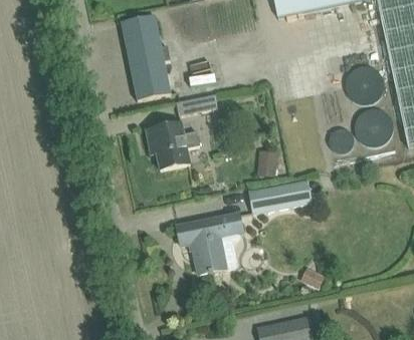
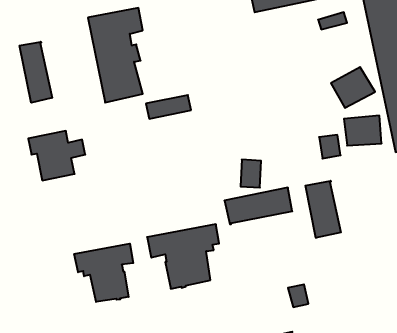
building: none -> [20,42,52,103]
building: [146,122,199,168] -> [28,131,85,180]
building: none -> [305,181,341,238]
building: none -> [74,244,133,302]

